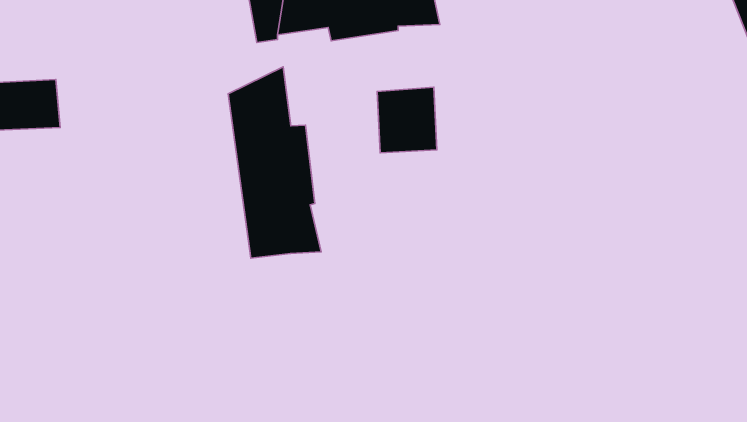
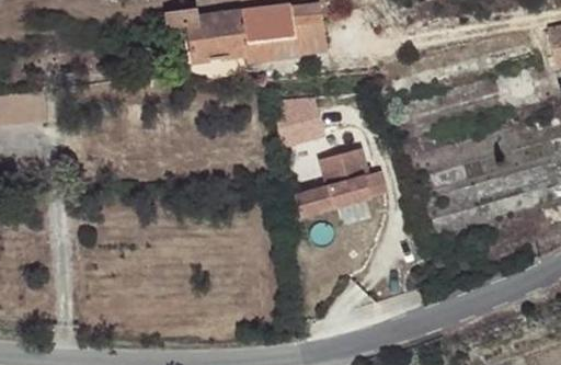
building: [228,67,321,258] -> none
building: none -> [294,157,368,210]

